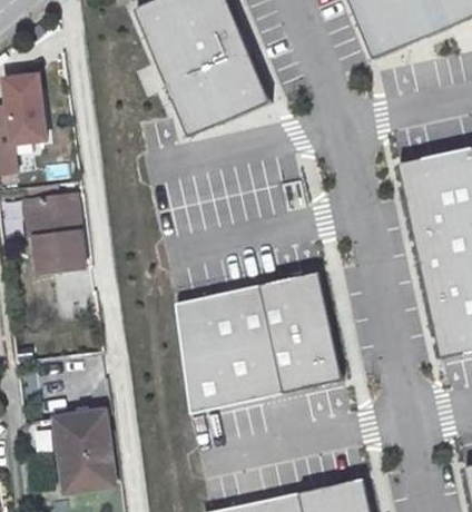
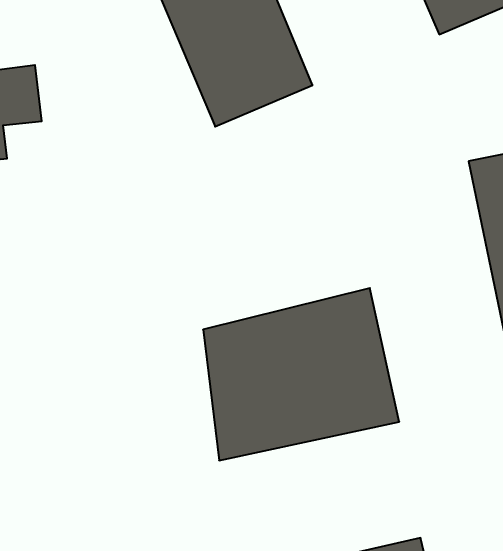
building: [29,185,81,266] -> none
building: [56,403,112,482] -> none

